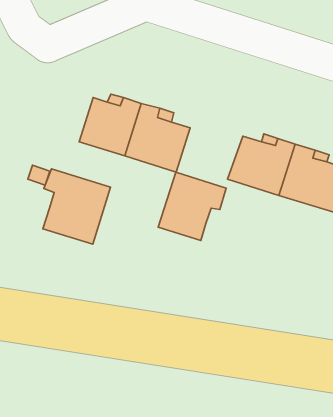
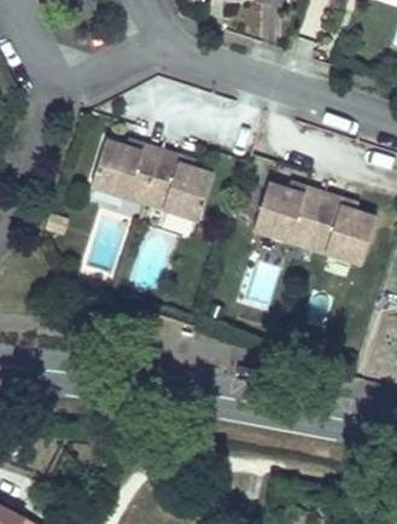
building: [43,169,110,244] -> none
building: [158,172,226,241] -> none

